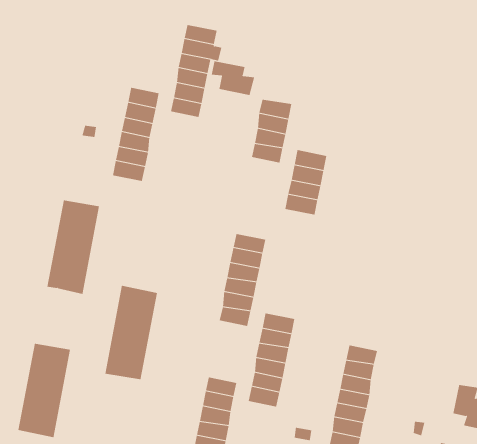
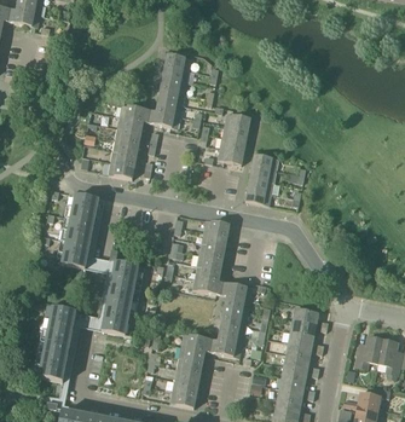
building: [211,60,255,96] -> none
building: none -> [354,335,382,366]

